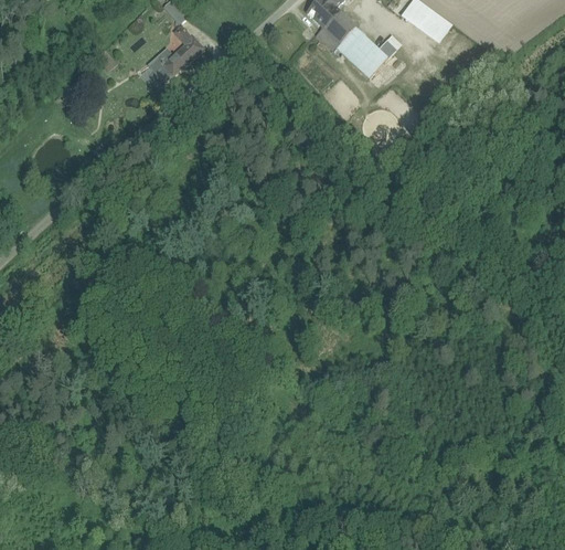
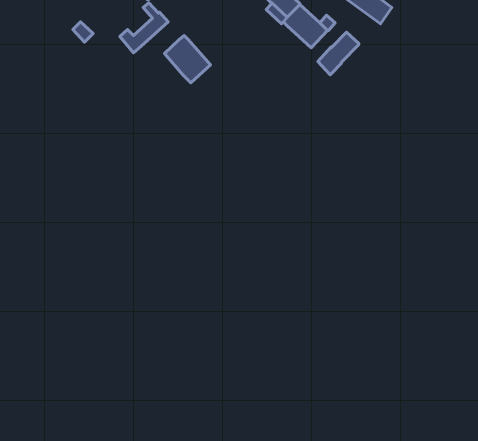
building: none -> [318,32,359,75]
building: none -> [164,35,211,83]

